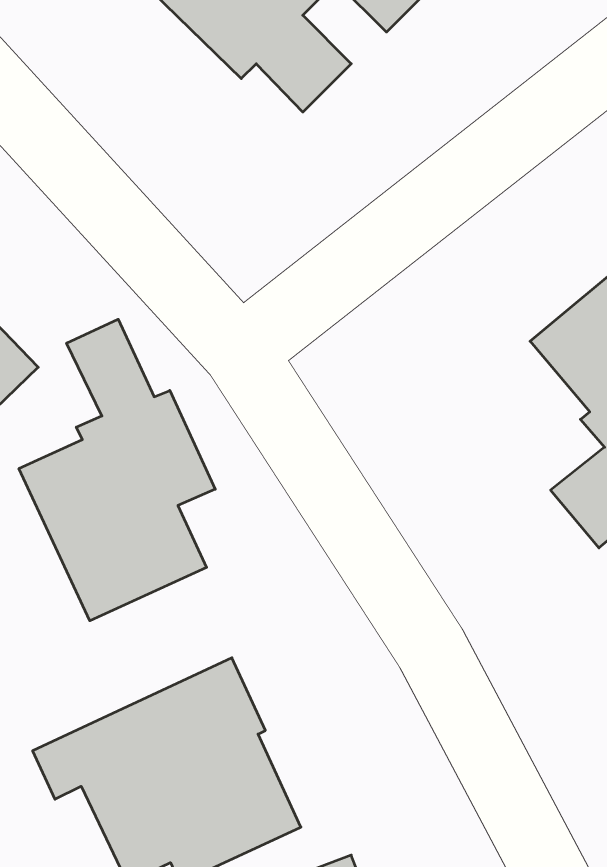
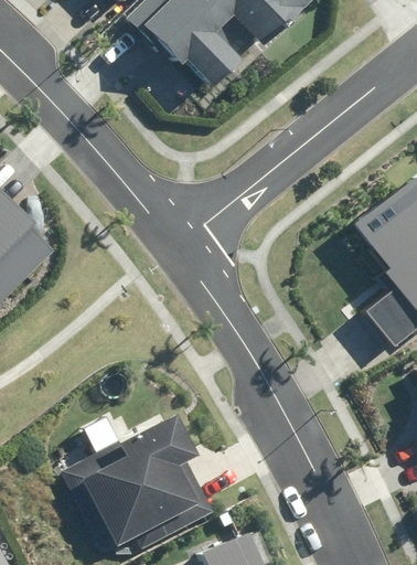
building: [19,319,215,621] -> none

